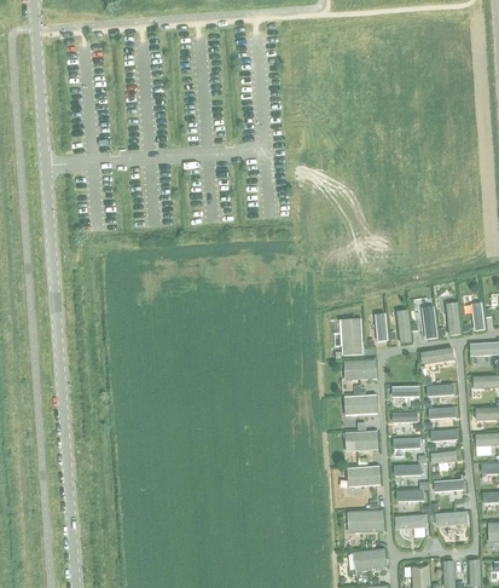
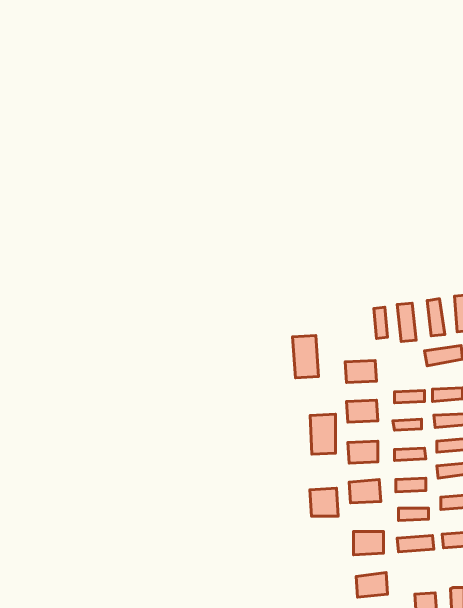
building: [341,317,364,354] -> [293,335,319,378]
building: none -> [310,414,336,454]
building: none -> [310,488,338,516]

